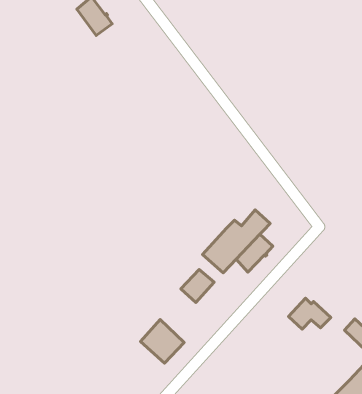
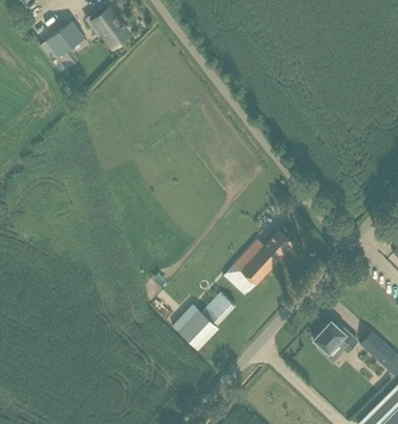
building: none -> [39,19,83,68]
building: [236,234,273,272] -> none
building: [141,320,184,363] -> [170,301,216,347]

